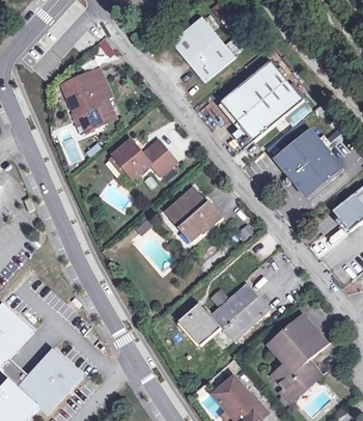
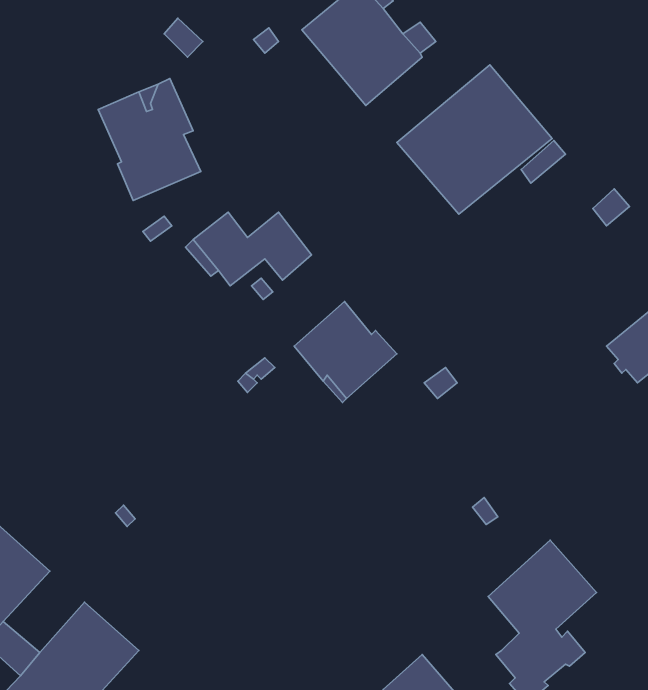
building: [274,128,343,198] -> none
building: [177,284,268,345] -> none

